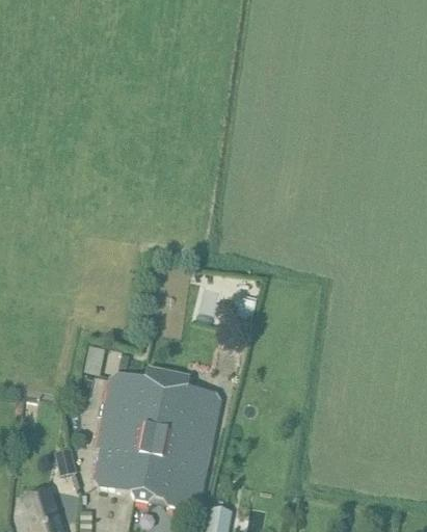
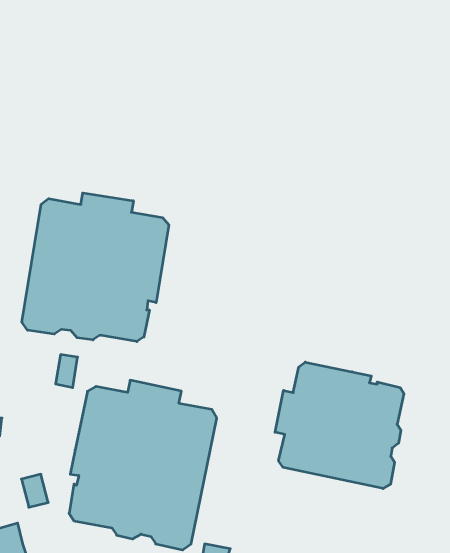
building: none -> [22,193,169,342]
building: none -> [275,362,404,489]

